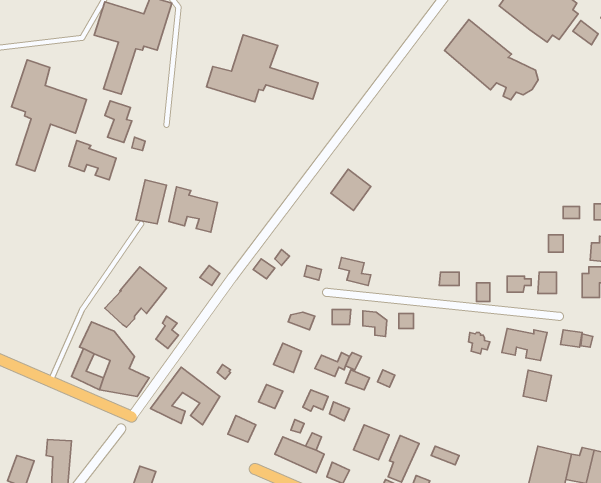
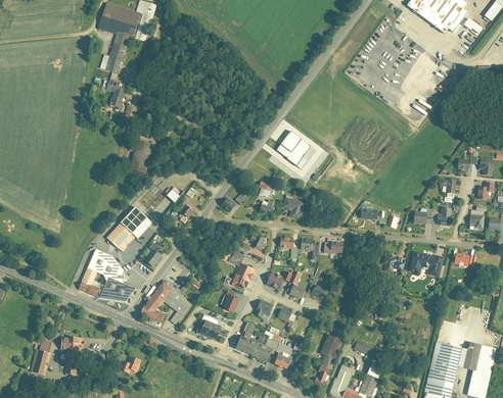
building: [445,20,538,100] -> none
building: [207,35,318,102] -> none
building: [11,60,87,171] -> none
building: [69,141,116,180] -> none
building: [169,187,218,232] -> none
building: [523,370,551,401] -> none
building: [354,425,389,460] -> none

